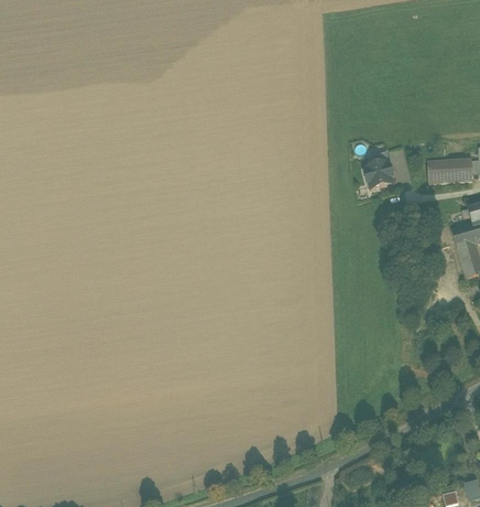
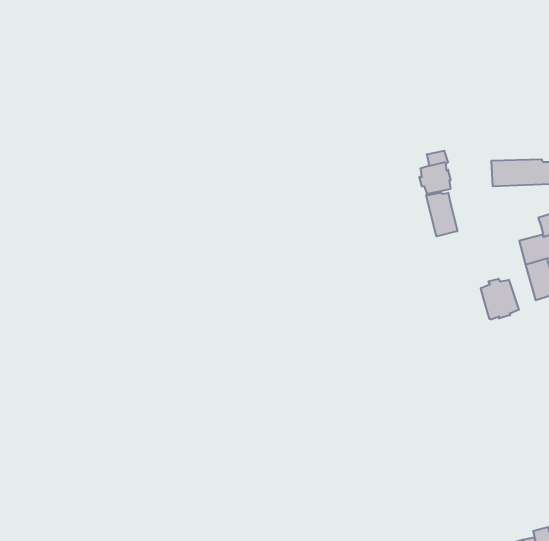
building: none -> [426,192,457,236]
building: none -> [481,279,519,320]

